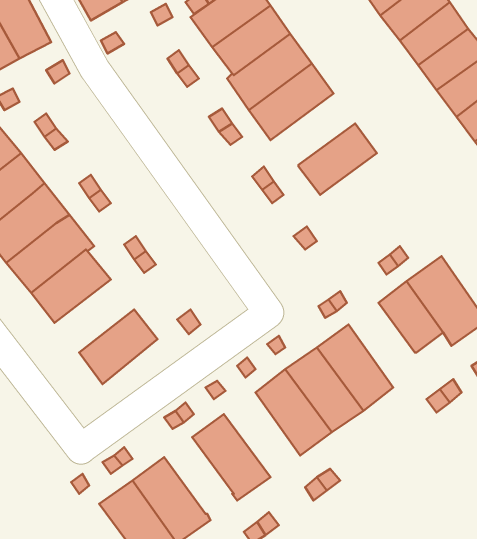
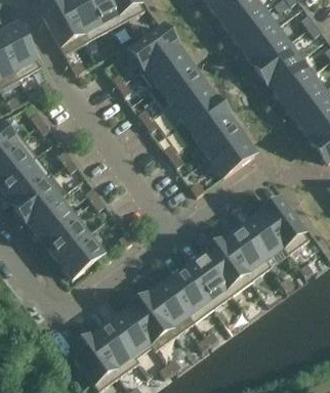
building: none -> [175,95,228,142]
building: none -> [210,132,254,173]
building: none -> [42,210,91,255]
building: none -> [223,224,272,276]
building: none -> [147,279,194,332]
building: none -> [110,307,153,354]

